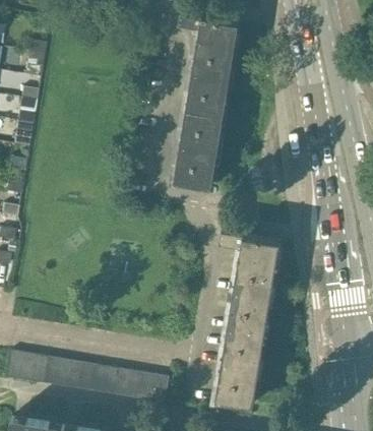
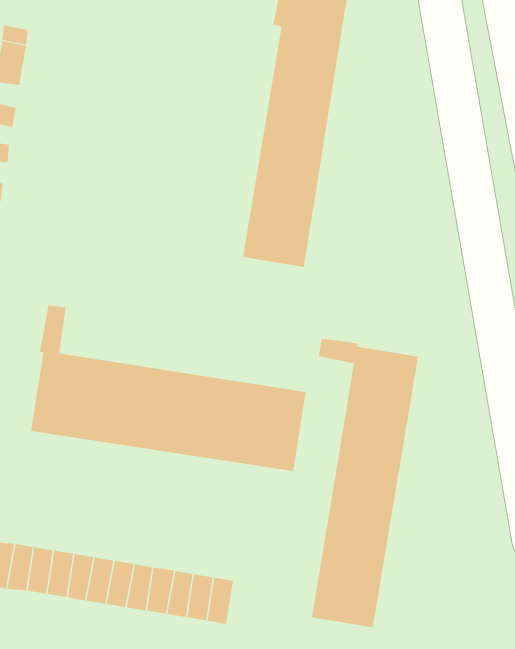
building: none -> [31,305,306,472]

